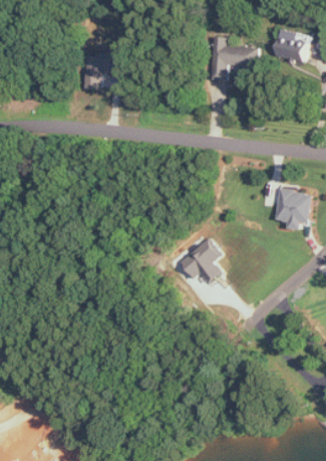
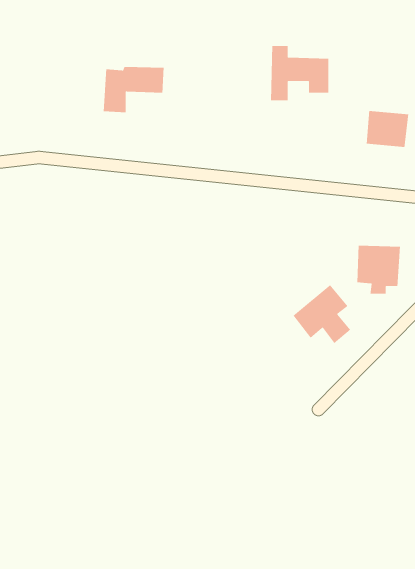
building: [274,31,307,60] -> [366,110,409,148]
building: [177,238,222,284] -> [292,284,351,344]

